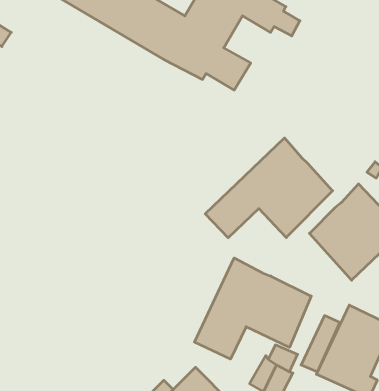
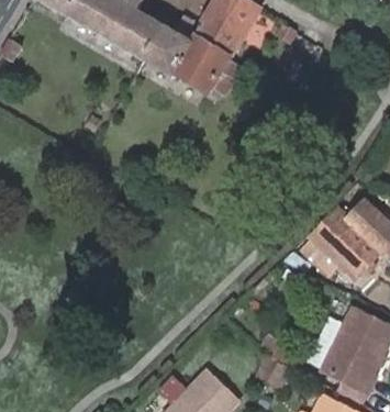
building: [205,138,333,238] -> none
building: [194,258,311,359] -> none

